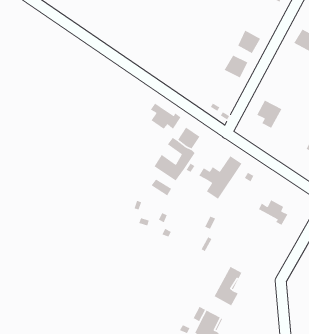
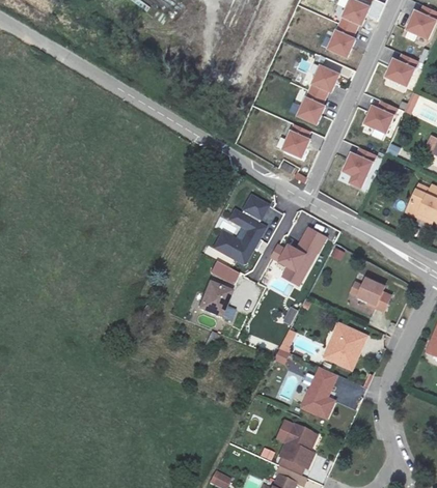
building: none -> [326,29,356,59]
building: none -> [361,104,394,134]
building: none -> [280,130,310,159]
building: [150,102,182,130] -> none
building: none -> [200,281,230,316]
building: none -> [323,324,365,370]

